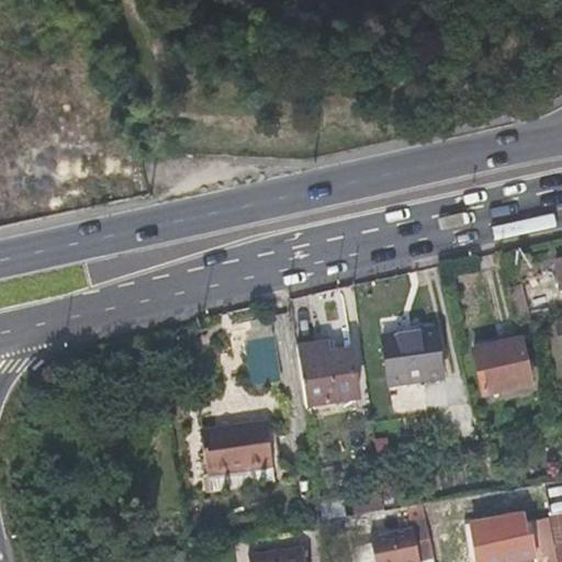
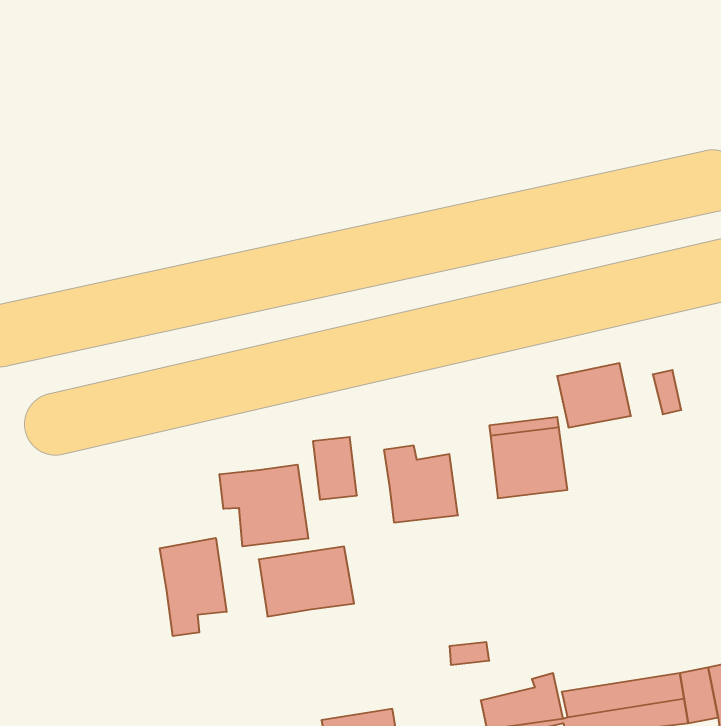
building: [474,345,531,394] -> [557,363,631,427]
building: none -> [220,465,308,546]
building: none -> [160,538,227,636]

